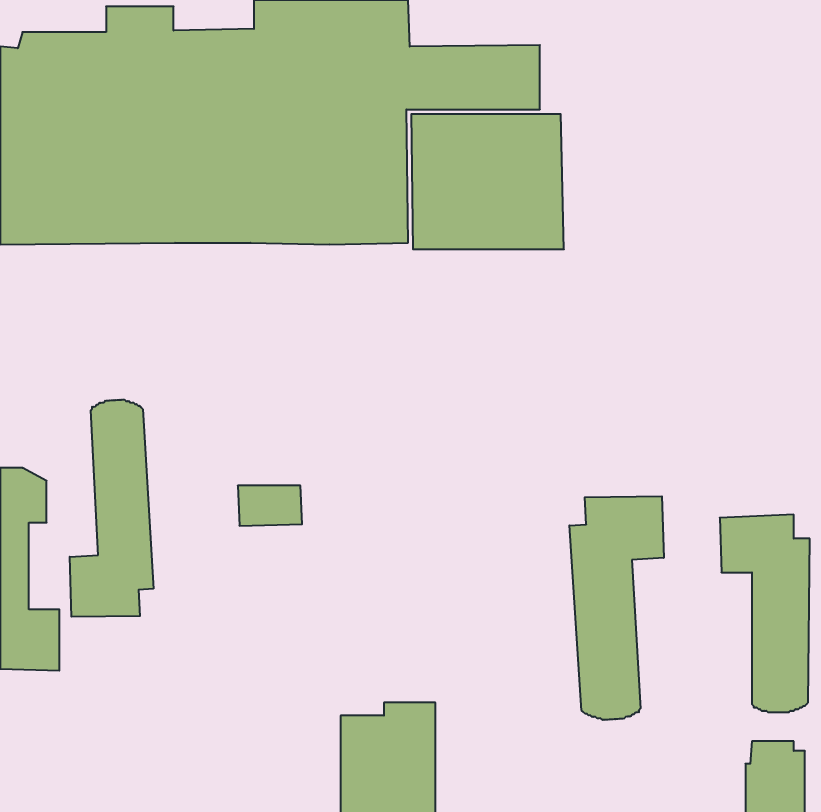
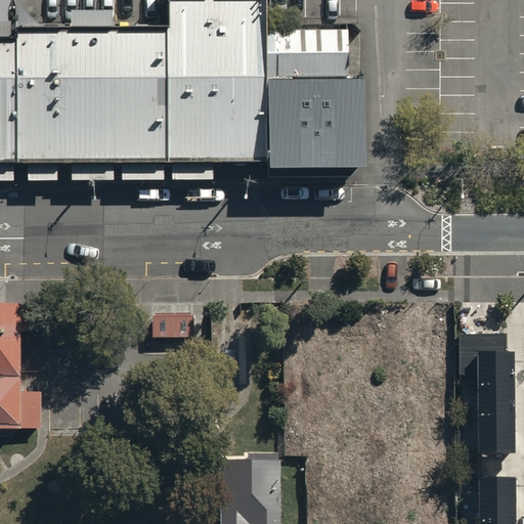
building: [70,400,153,617] -> none
building: [569,496,664,720] -> none

